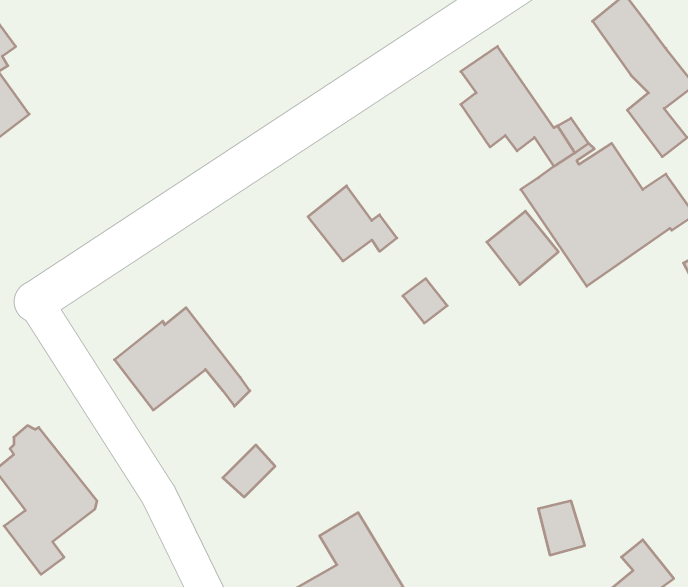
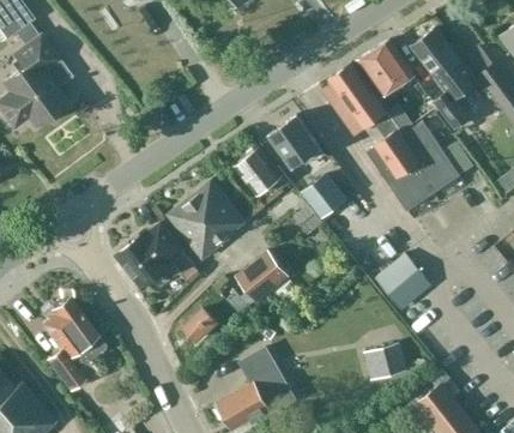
building: none -> [359,41,413,97]
building: none -> [270,118,319,166]
building: [487,211,558,285] -> [302,173,346,218]
building: none -> [169,181,244,259]
building: none -> [229,251,300,317]
building: none -> [376,254,434,312]

